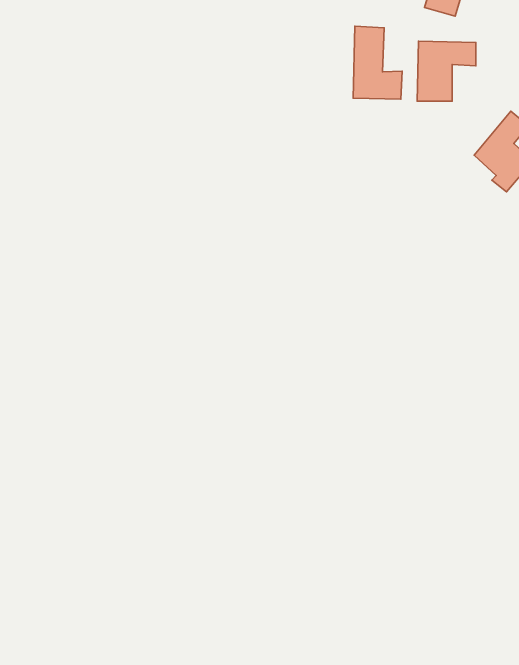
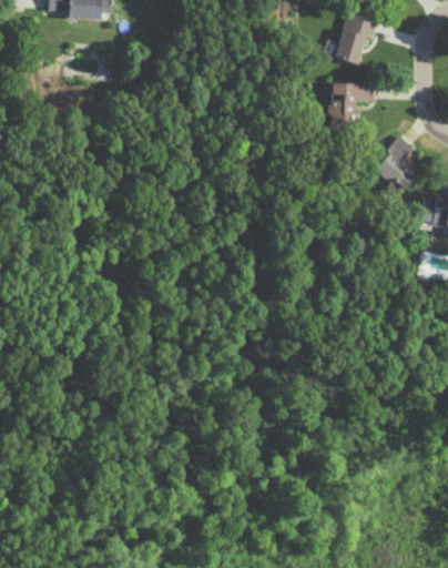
building: [353,26,402,99] -> none

